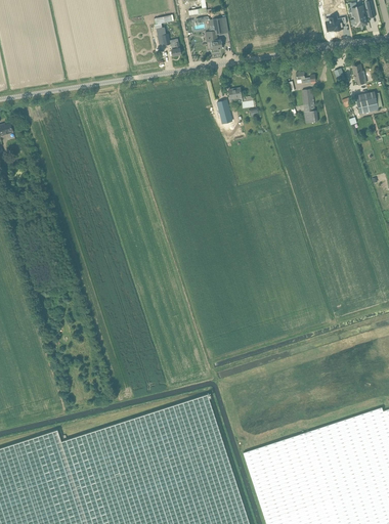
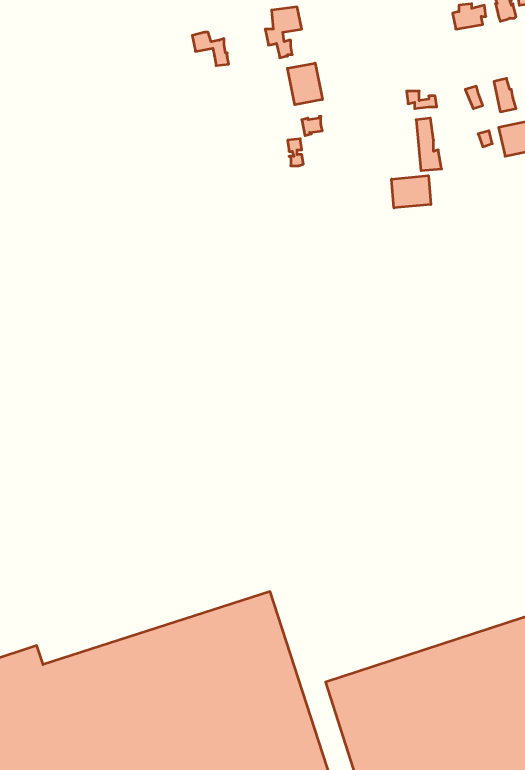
building: none -> [287,63,322,105]
building: none -> [392,176,431,208]

